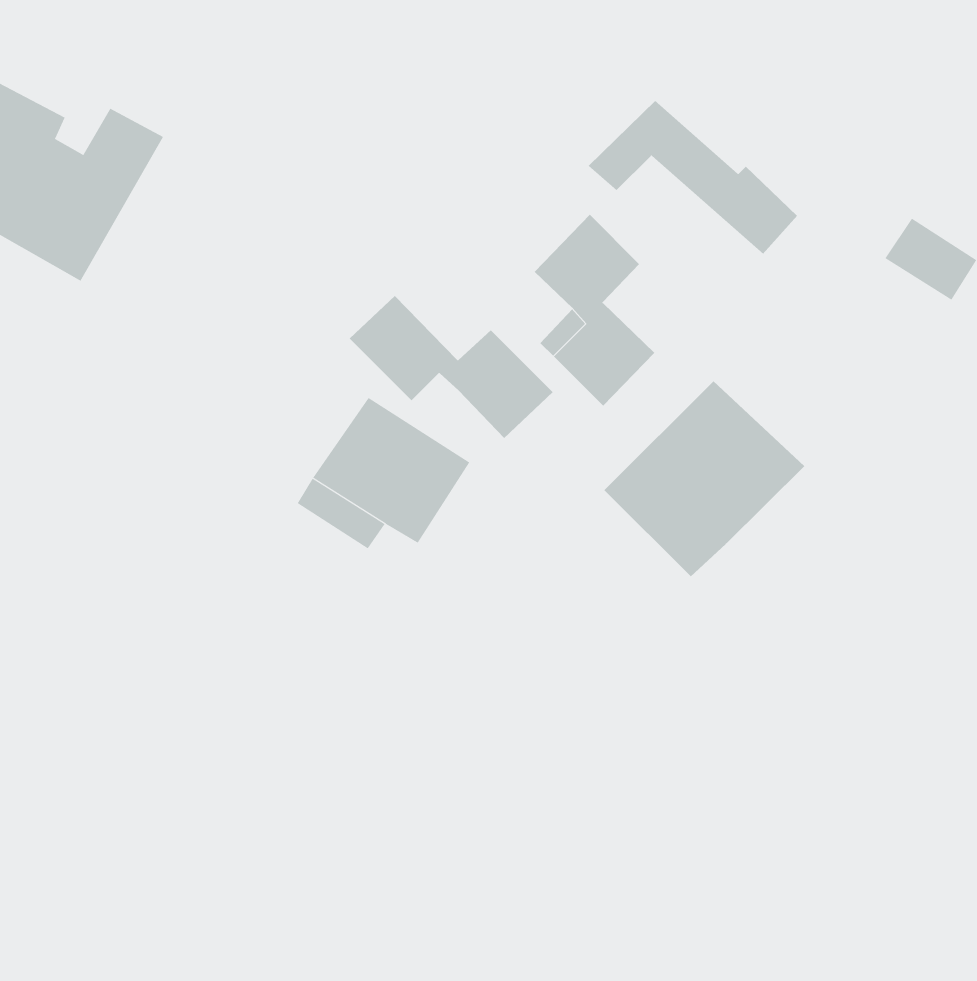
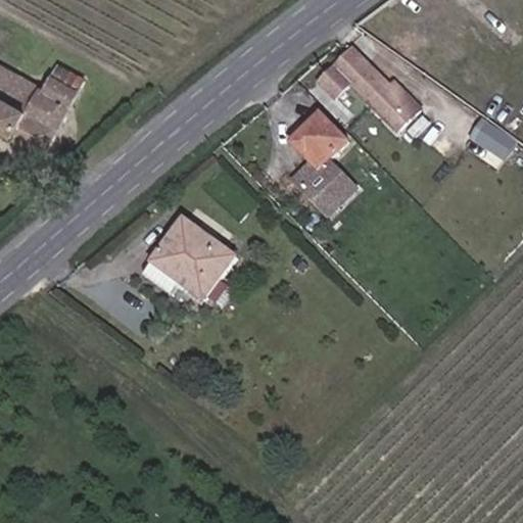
building: [349,295,553,439] -> none
building: [604,380,805,577] -> none

